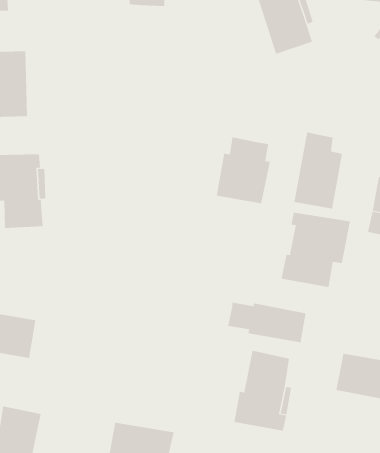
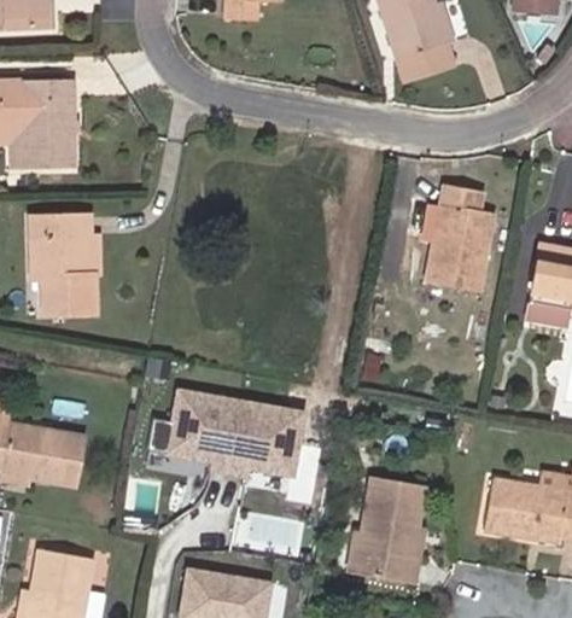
building: [216,137,270,204] -> none
building: [281,212,351,288] -> none
building: none -> [169,392,302,473]
building: [228,302,306,343] -> none

